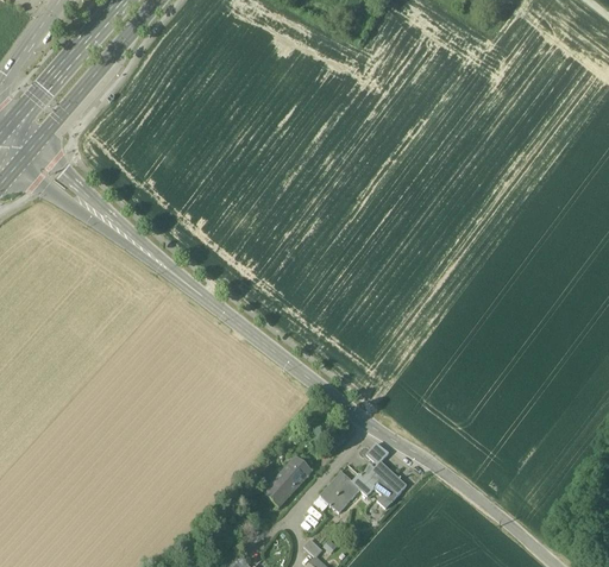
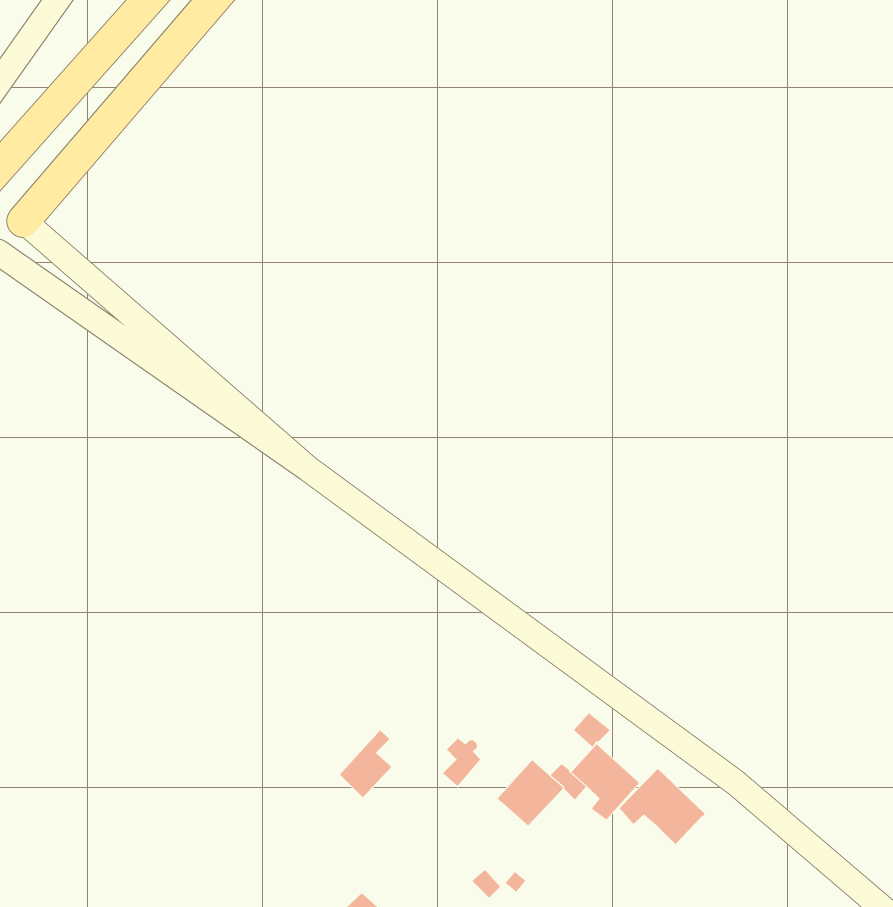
building: [263,465,295,506] -> [339,729,392,798]
building: none -> [619,768,707,846]

